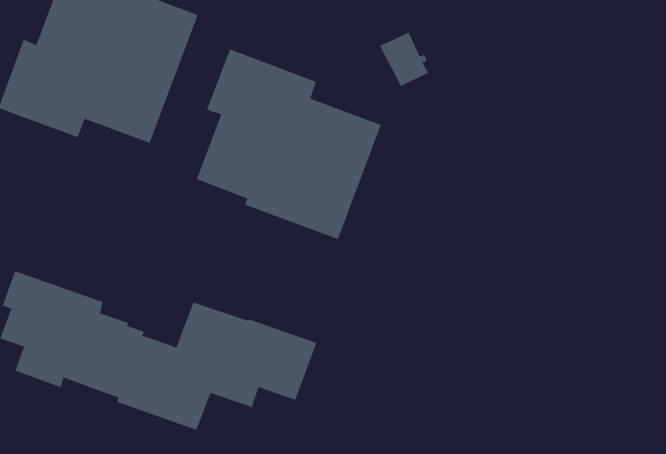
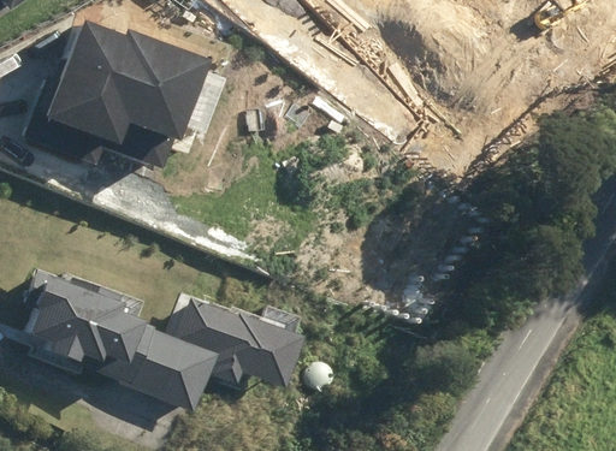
building: [196,48,381,240] -> none

